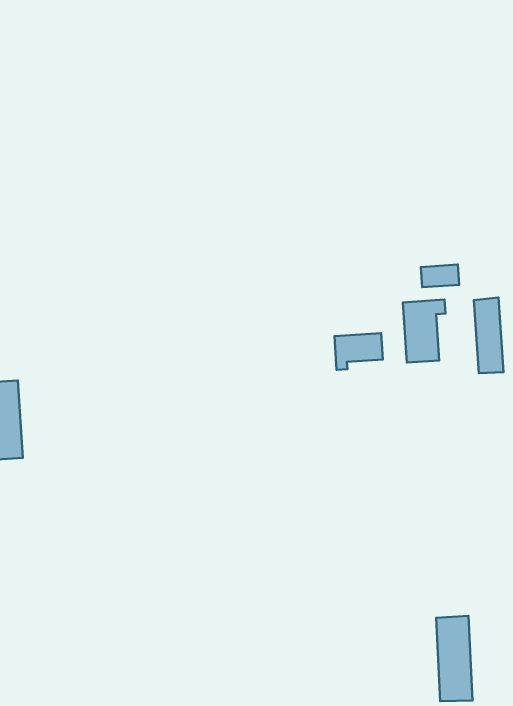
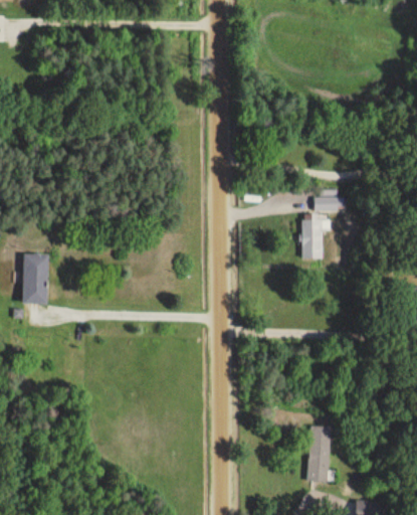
building: [474,298,503,373] -> none
building: [334,333,383,370] -> none

